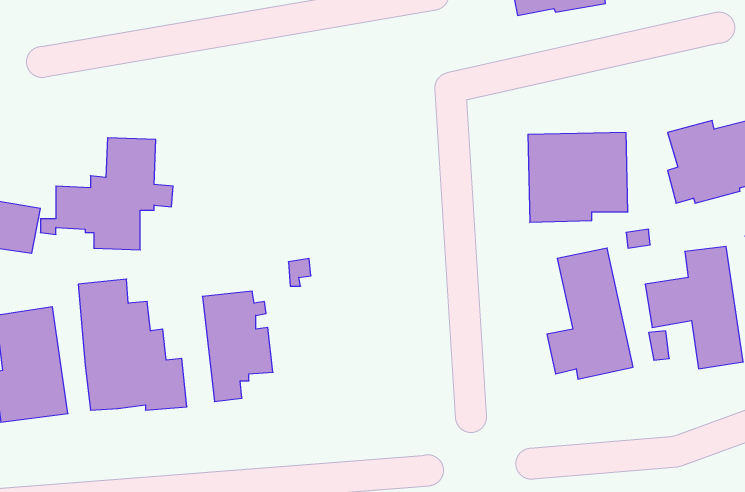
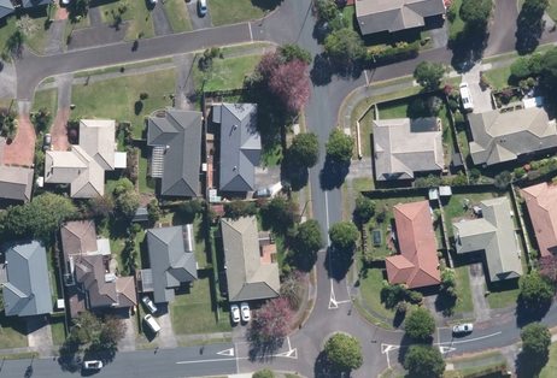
building: none -> [210,104,269,191]
building: none -> [146,113,199,195]
building: none -> [217,215,275,302]

